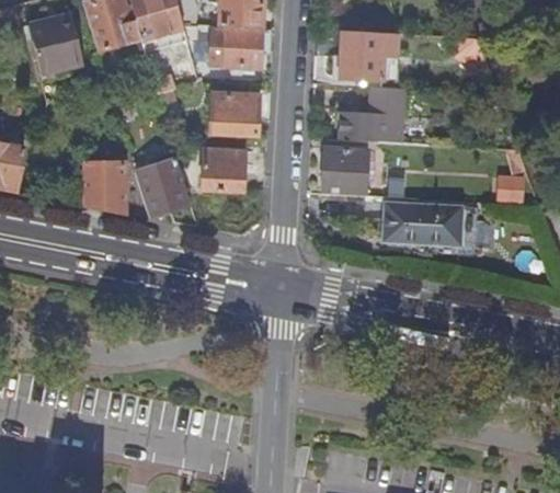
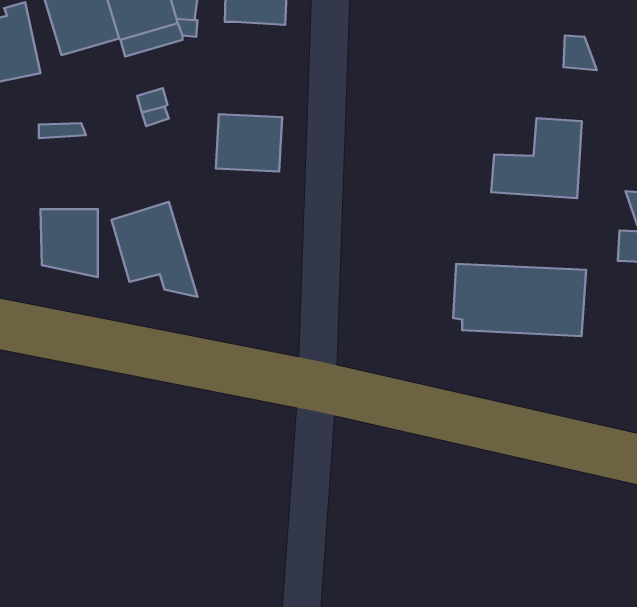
building: [209,26,261,67] -> none
building: [340,30,384,79] -> none
building: [339,85,404,144] -> [491,118,582,198]
building: [322,146,368,196] -> none
building: [202,148,244,191] -> none

